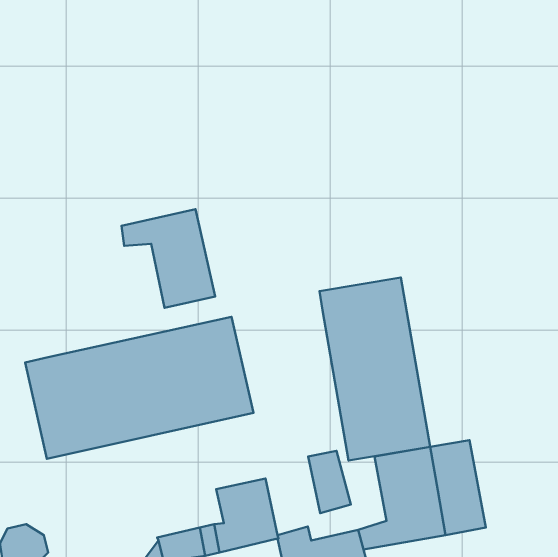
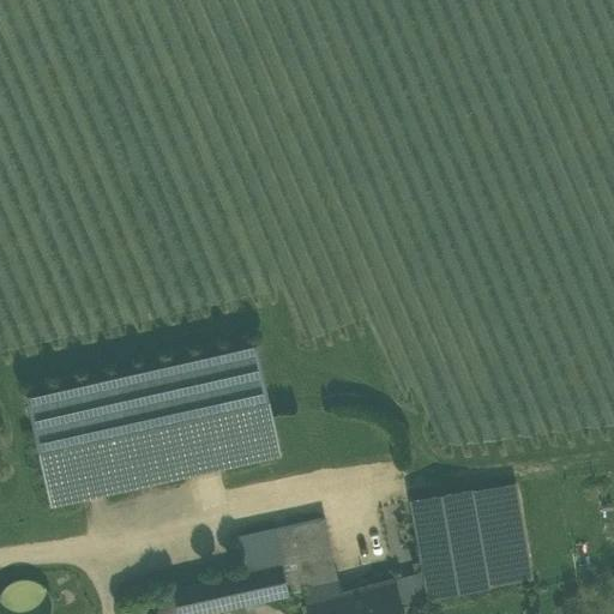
building: [121,209,215,308] -> none
building: [319,277,430,460] -> none
building: [308,451,351,513] -> [291,520,338,589]

